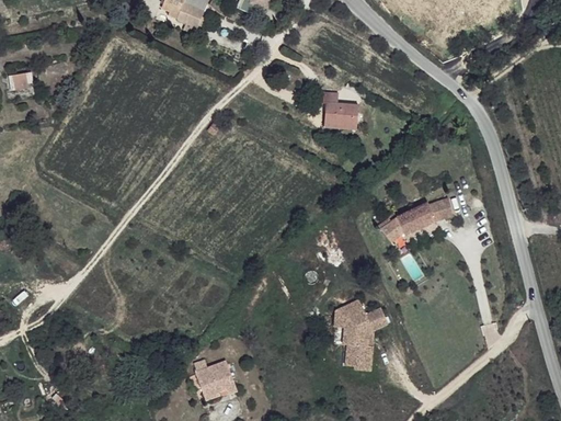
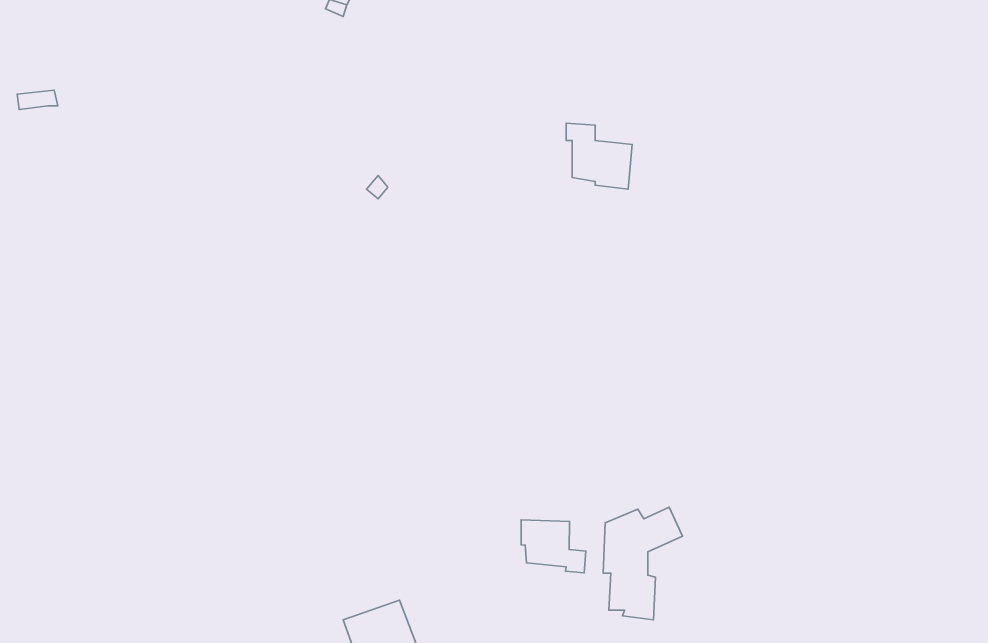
building: [378,201,450,242] -> none
building: none -> [521,520,586,573]

